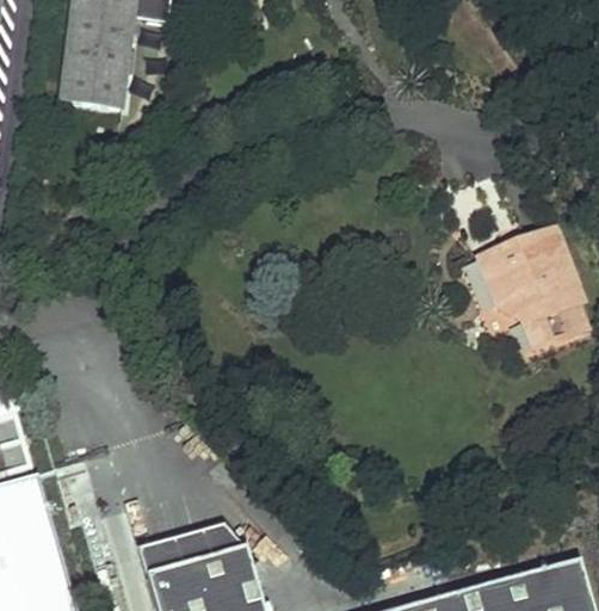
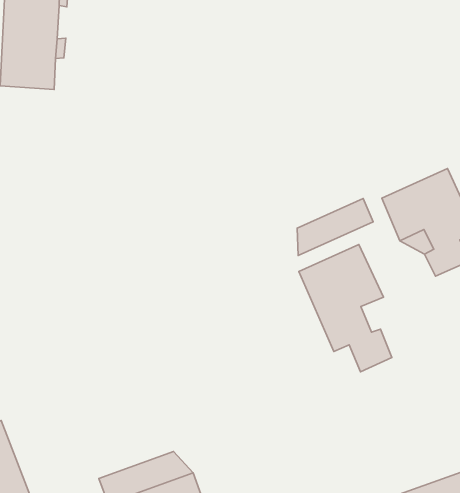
building: none -> [297,199,373,256]
building: none -> [299,245,392,372]

